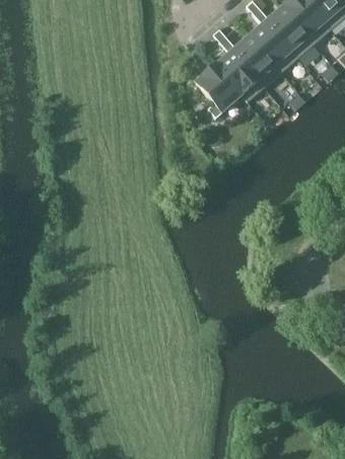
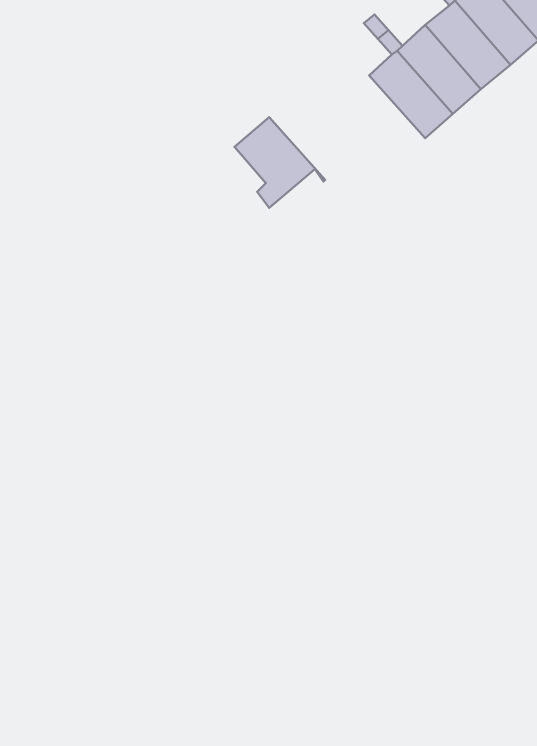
building: [195,64,248,117] -> [234,117,325,208]

